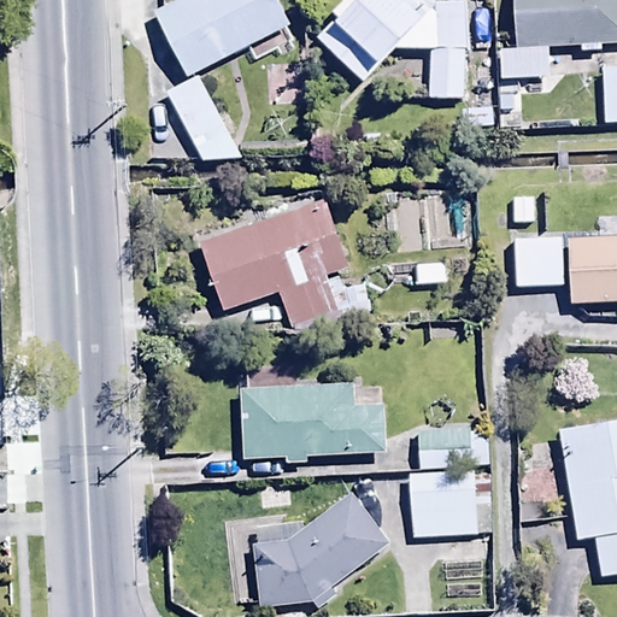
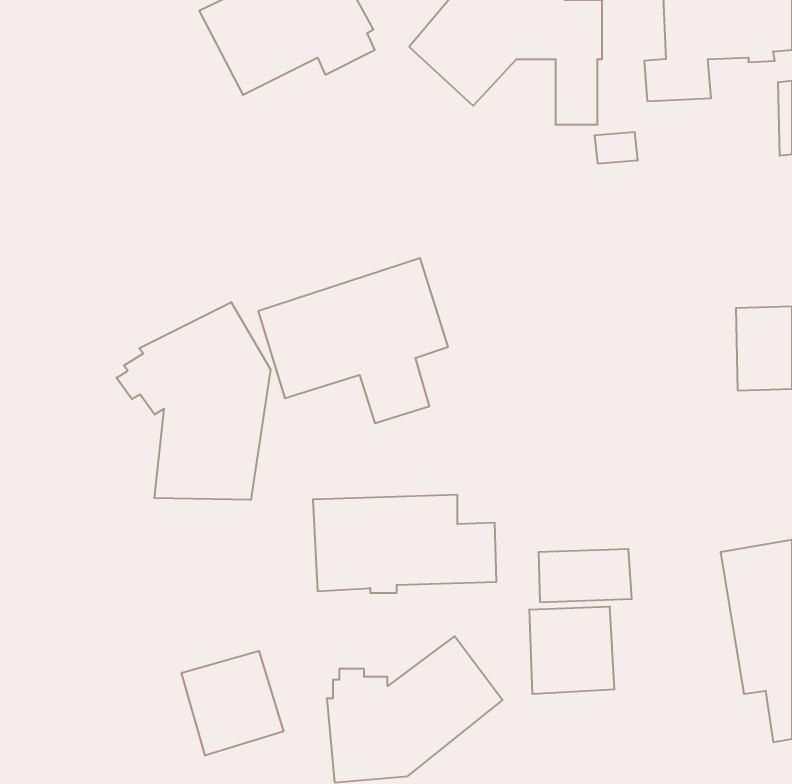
building: [168,74,239,158] -> none
building: none -> [116,302,271,500]
building: [516,236,562,284] -> none
building: none -> [182,651,283,756]

